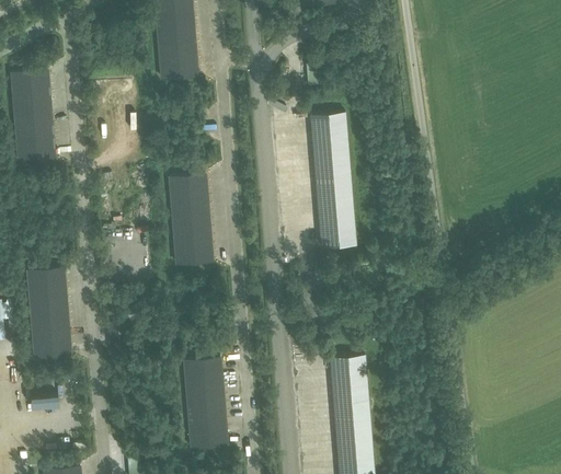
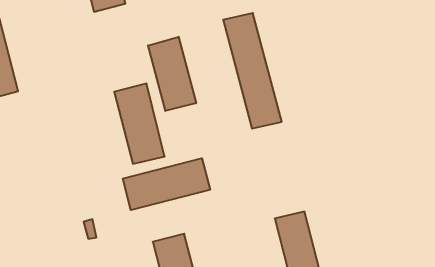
building: none -> [148,37,196,111]
building: [25,267,72,359] -> none
building: none -> [123,158,210,210]

